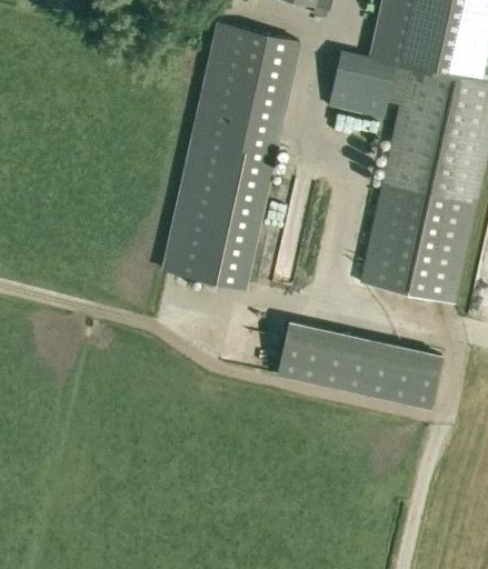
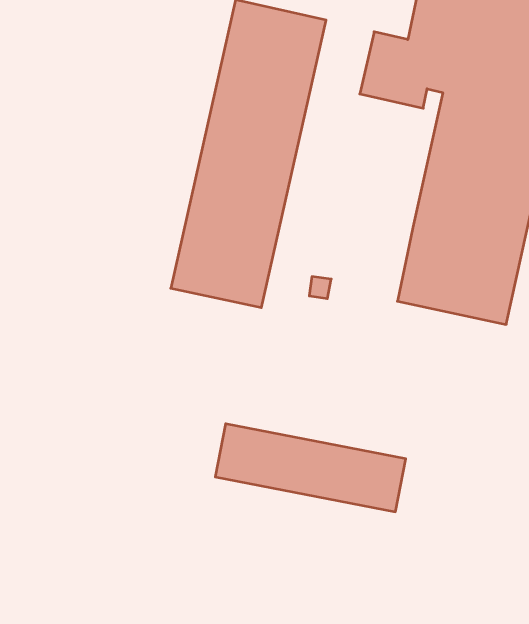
building: [280,327,444,402] -> [215,424,406,512]

